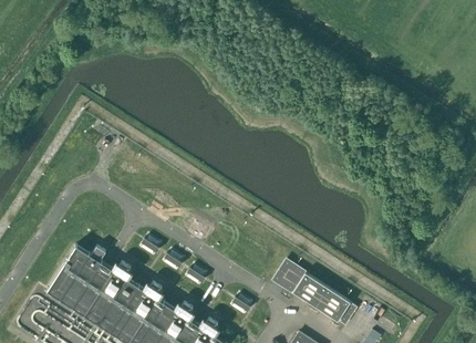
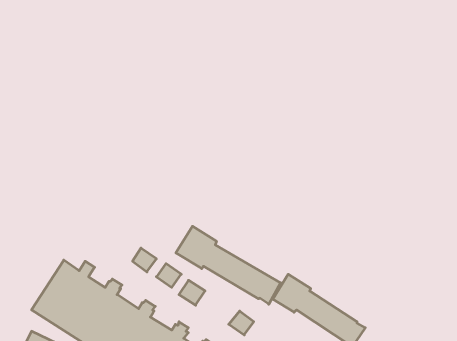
building: none -> [176,226,281,304]

